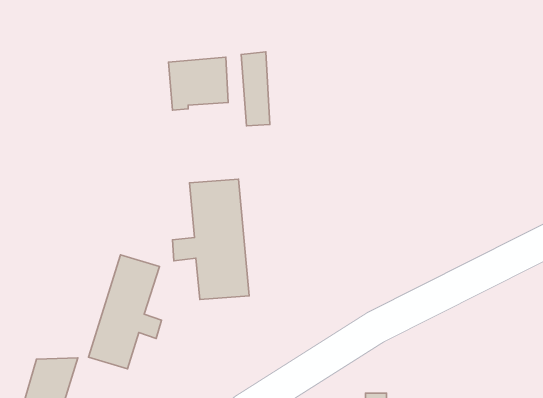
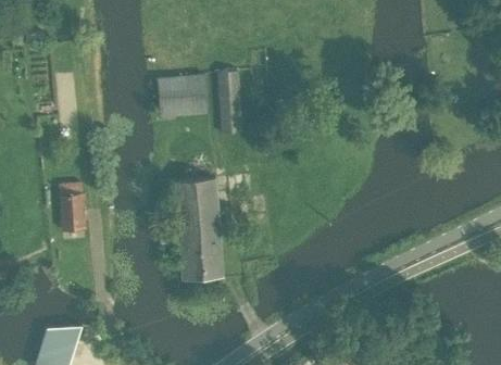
building: none -> [59,194,84,230]
building: [88,255,162,369] -> none

